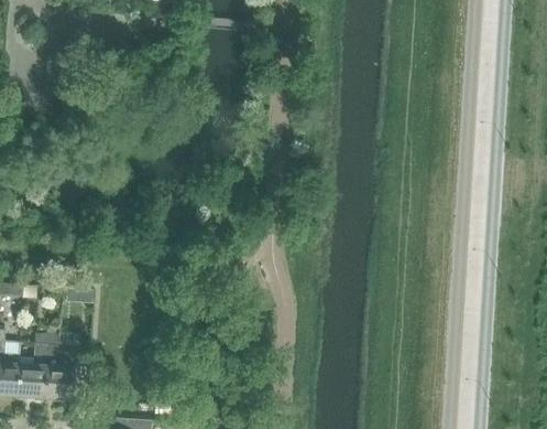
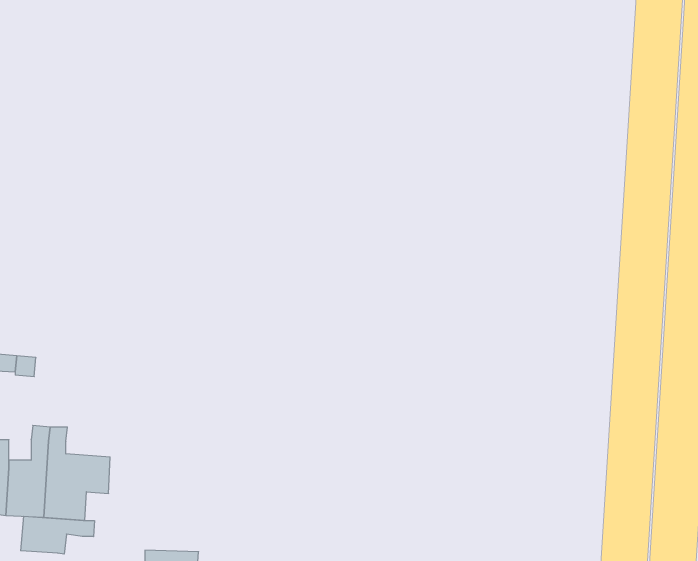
building: none -> [21,516,94,554]

